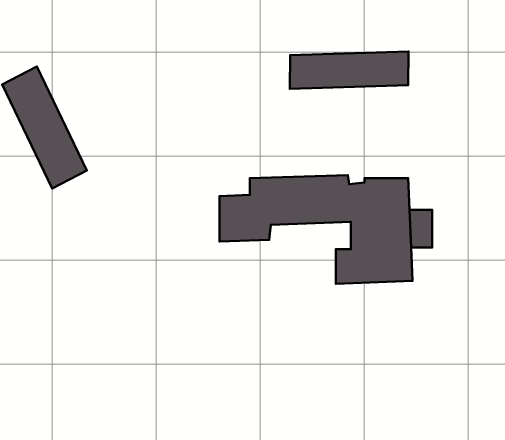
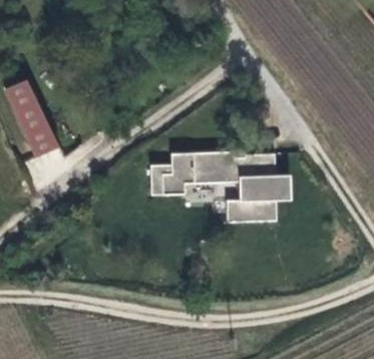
building: [290,52,408,89] -> none

